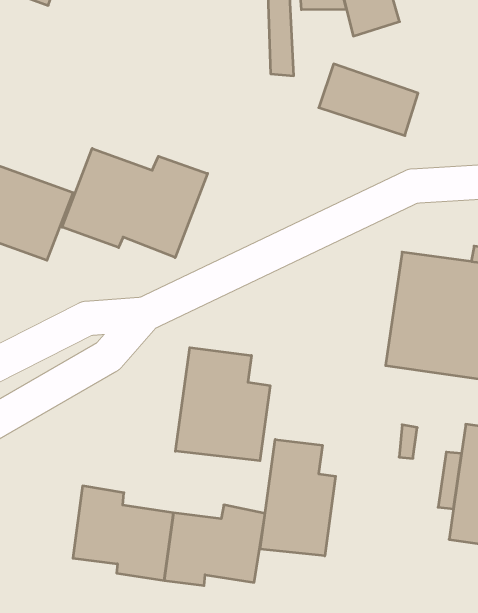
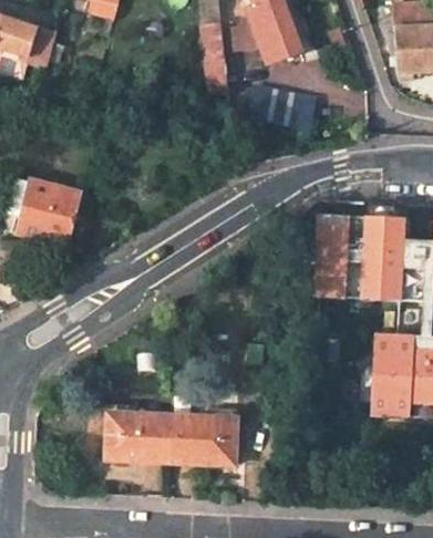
building: [62,148,208,258] -> none
building: [175,348,270,461] -> none
building: [260,439,336,556] -> none

